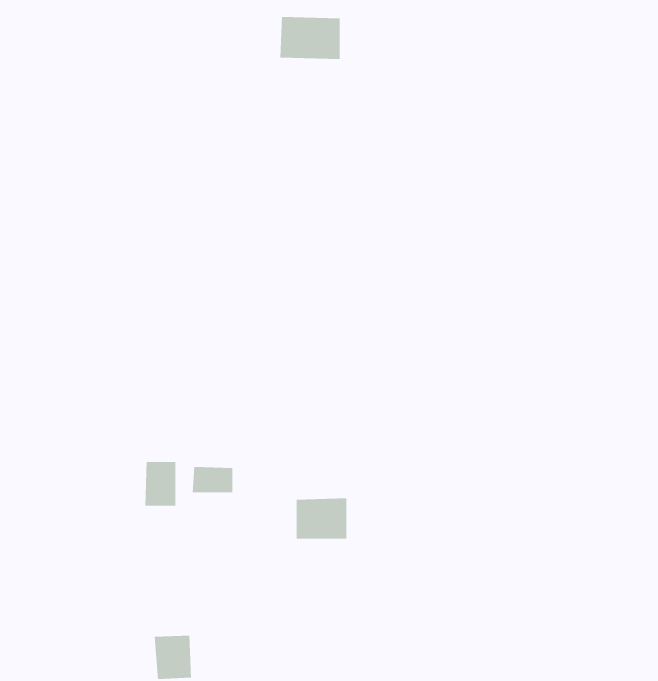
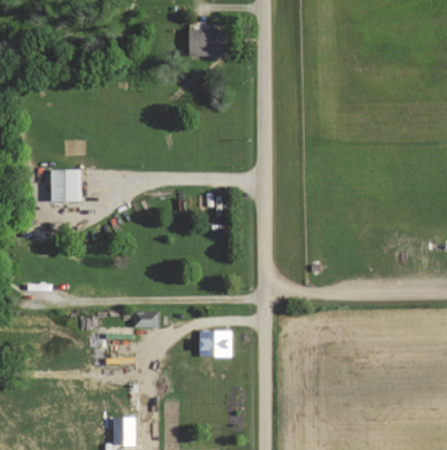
building: none -> [51,169,81,201]
building: [145,461,176,507] -> none

